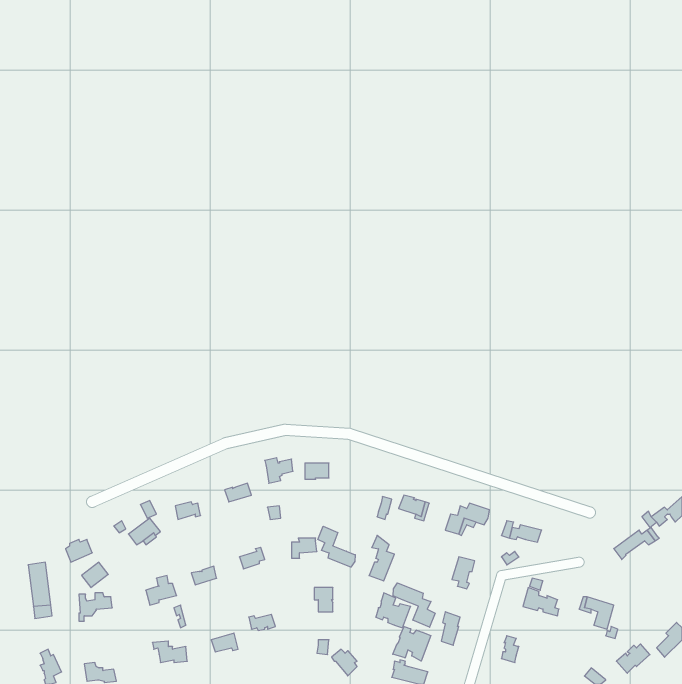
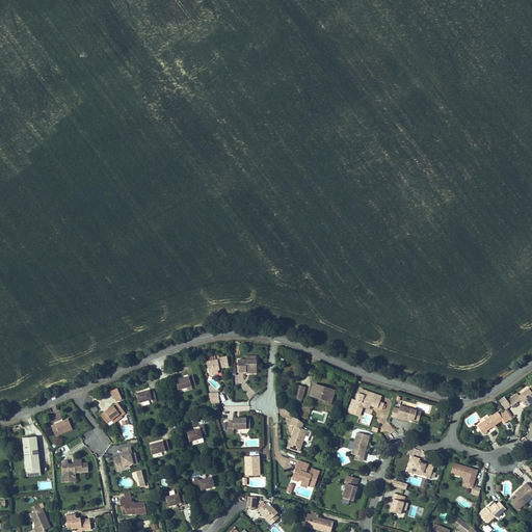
building: [318,526,355,567] -> none
building: [393,583,435,627] -> none
building: [393,626,431,661] -> none

